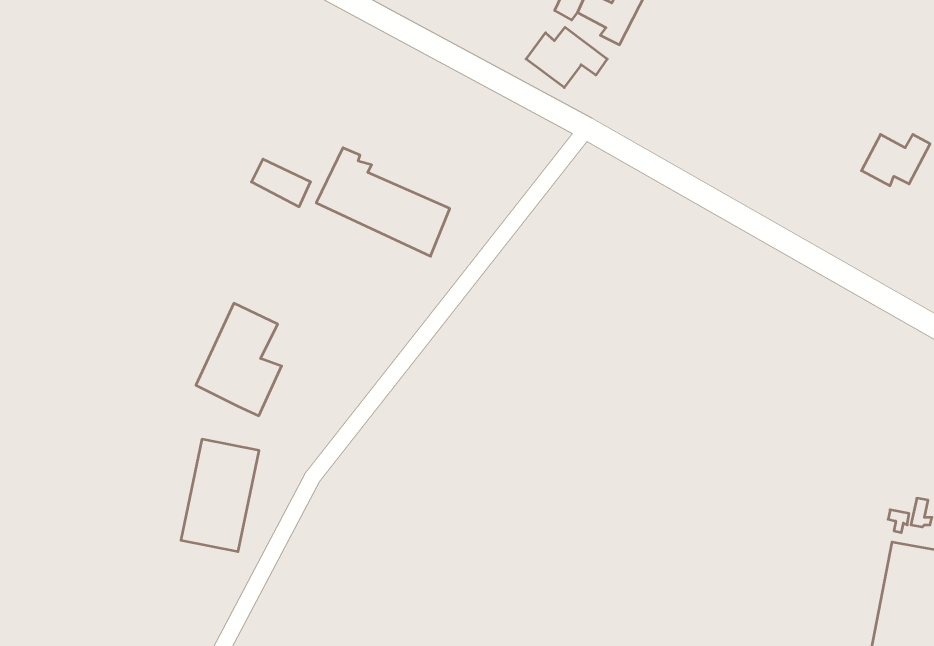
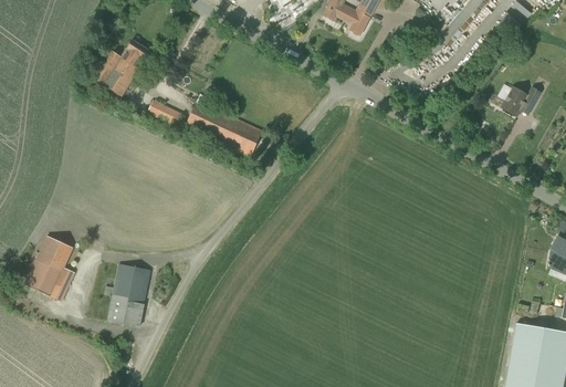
building: [526,27,607,88] -> none
building: none -> [94,38,151,95]
building: [196,303,282,416] -> [27,234,76,300]

